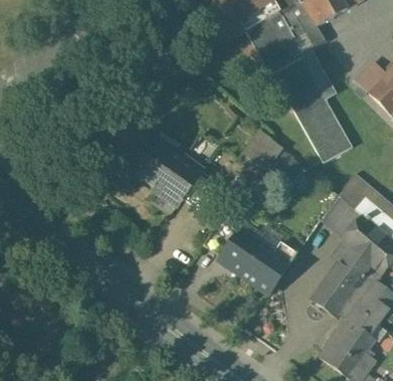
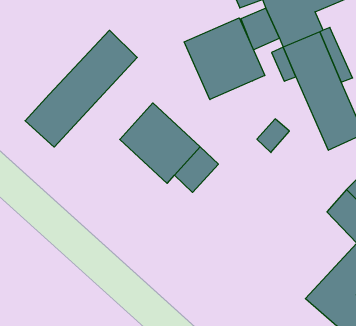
building: none -> [184,18,265,100]
building: none -> [25,30,137,147]
building: [216,226,297,295] -> none

